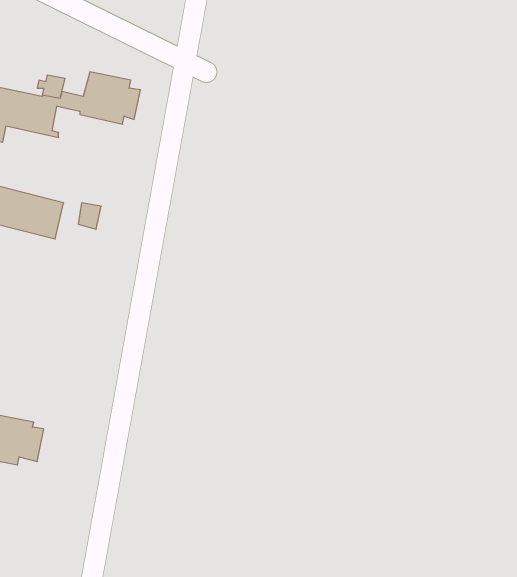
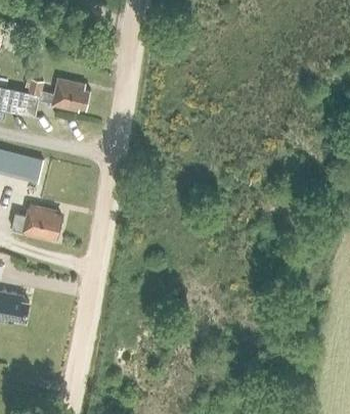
building: none -> [12,205,62,238]

